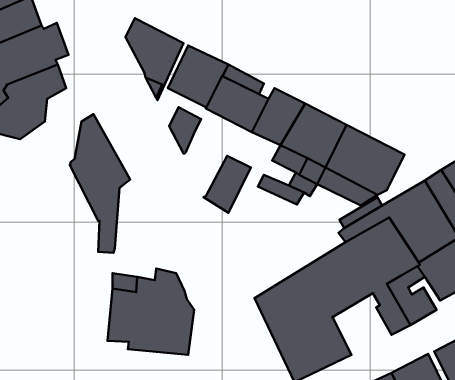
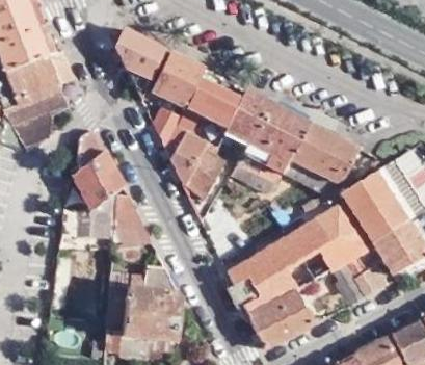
building: none -> [174,137,214,195]
building: none -> [111,180,152,240]
building: none -> [103,321,176,351]

